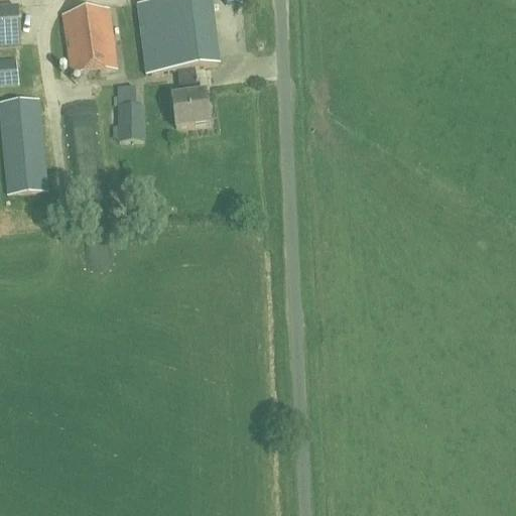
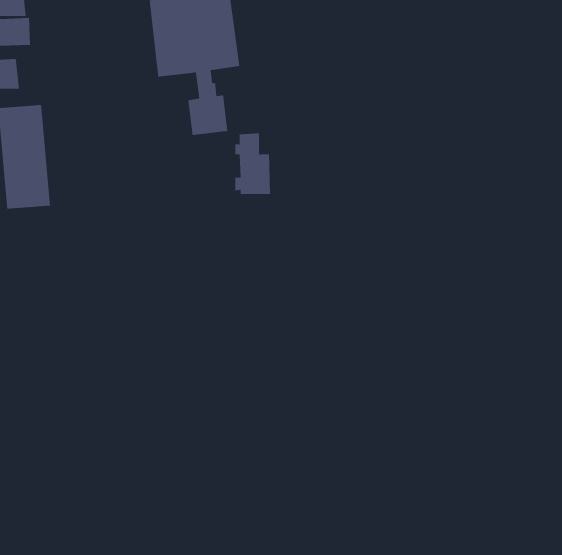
building: [60,4,117,72] -> none
building: [112,82,145,138] -> [234,133,271,195]

